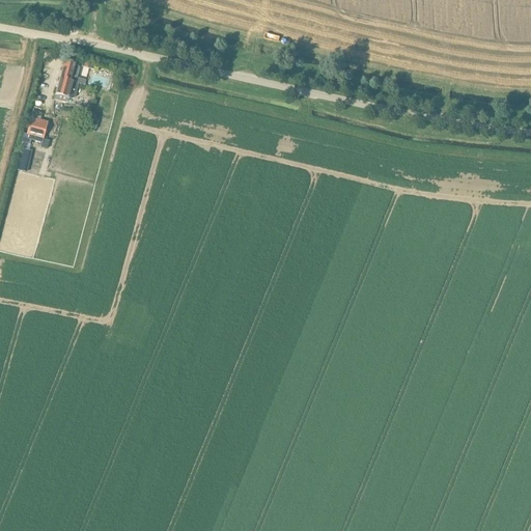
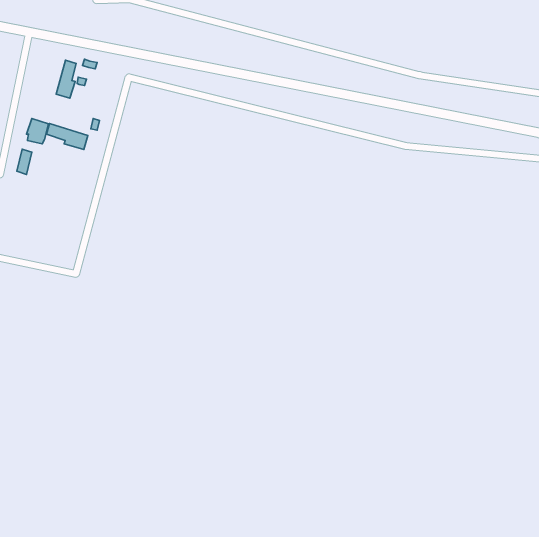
building: none -> [46,123,88,149]

